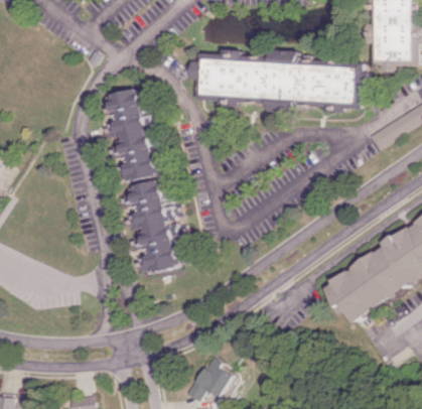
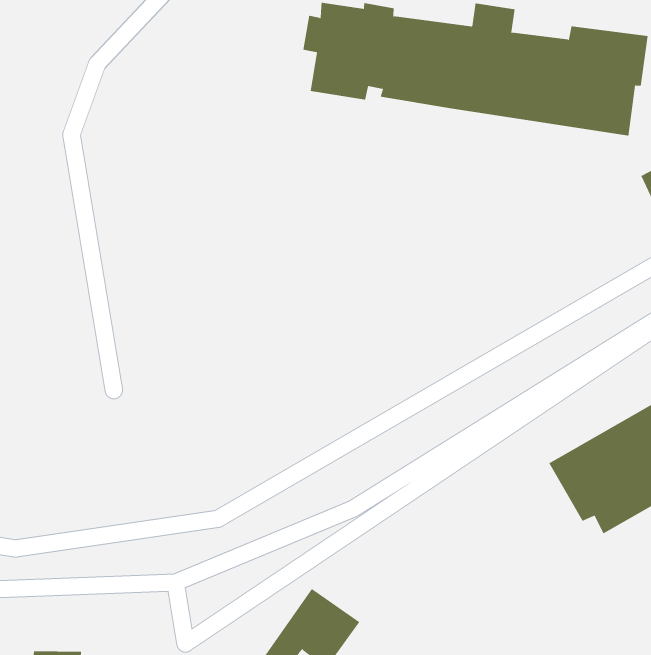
building: [99,88,155,179] -> none
building: [123,179,183,270] -> none

